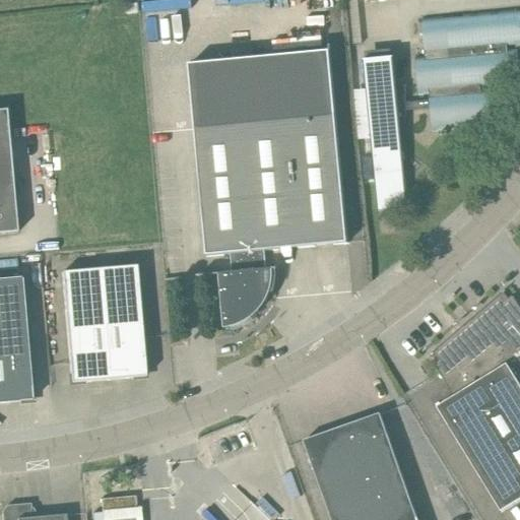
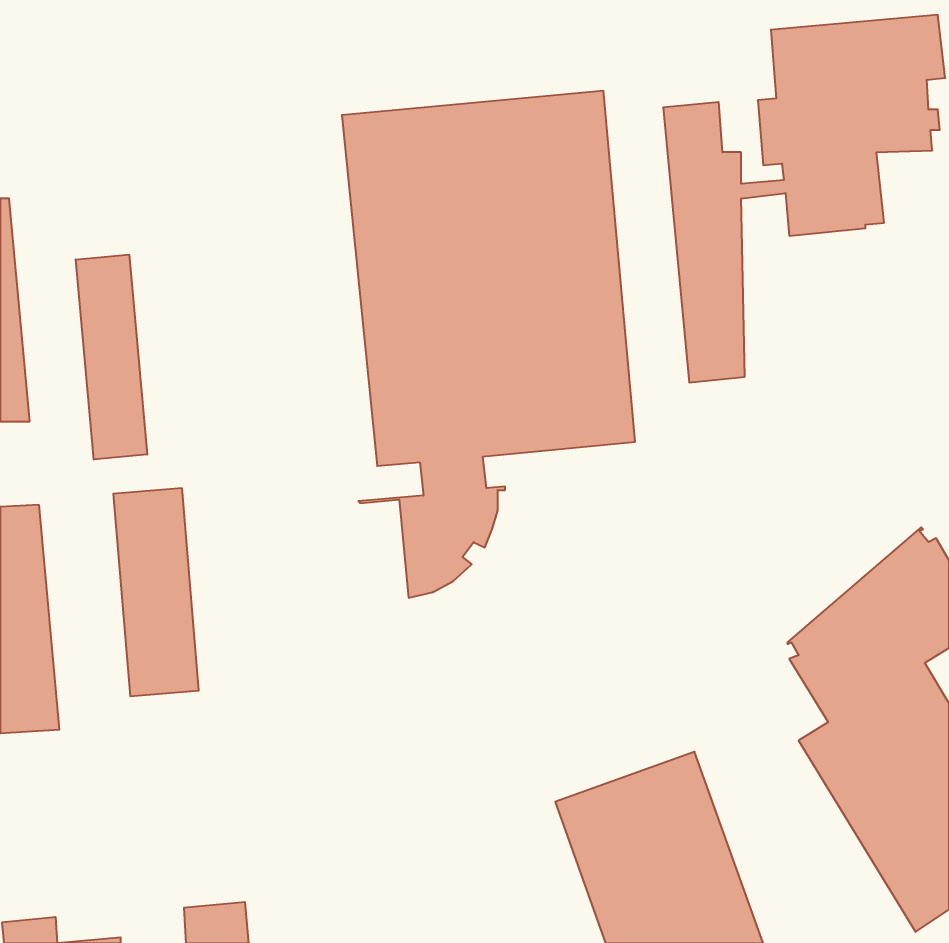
building: none -> [76,255,147,460]
building: [100,263,146,378] -> none

